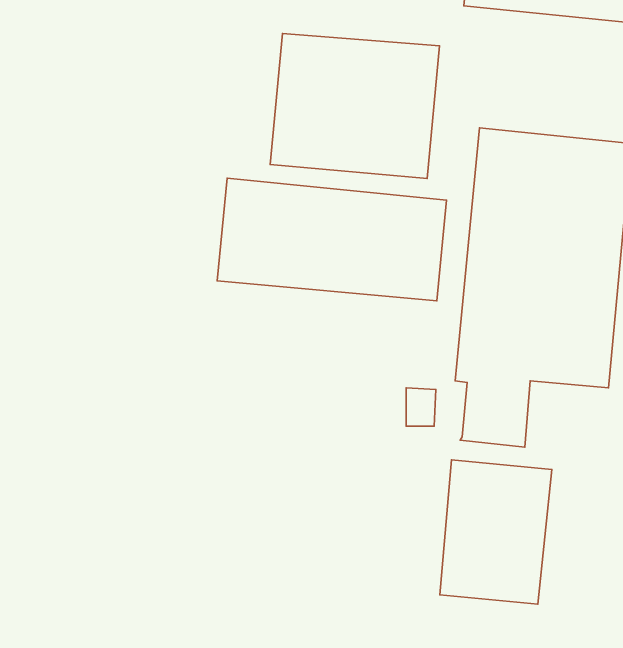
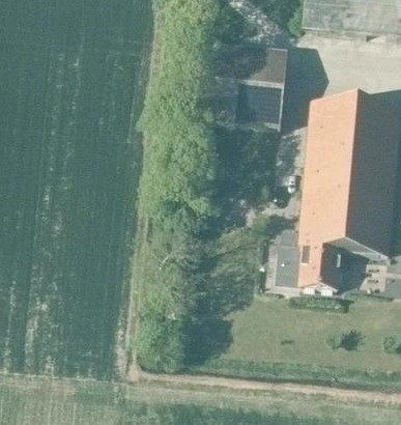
building: [217,178,446,301] -> none
building: [440,460,552,604] -> none

